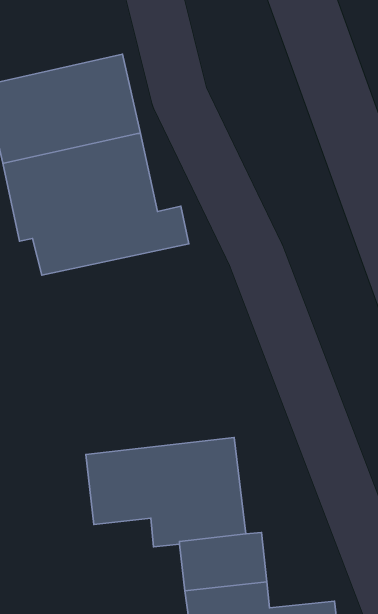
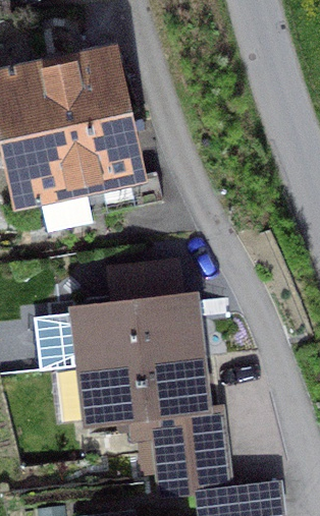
building: none -> [35,261,198,369]

